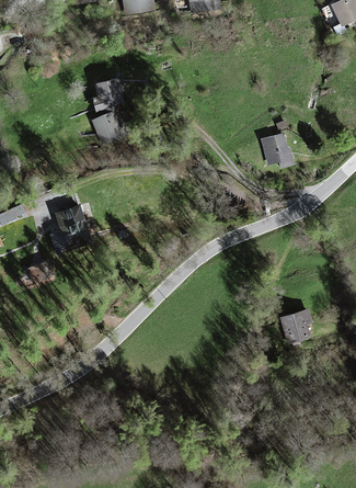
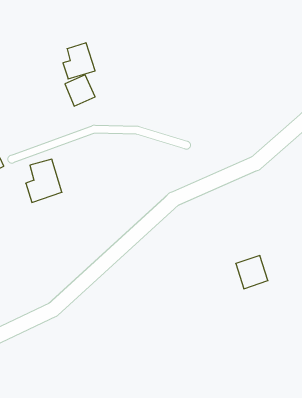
building: [260,128,294,164] -> none

